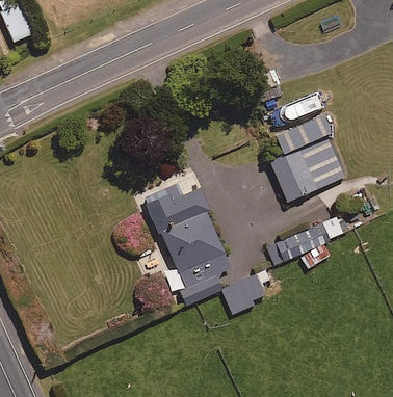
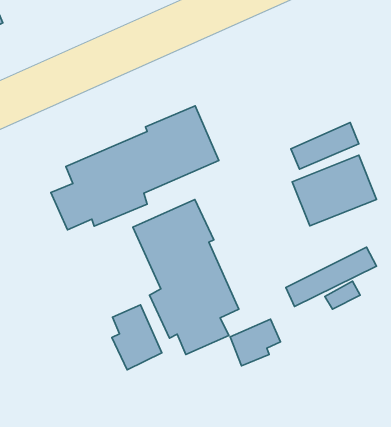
building: none -> [51,106,219,230]
building: none -> [112,305,162,370]

